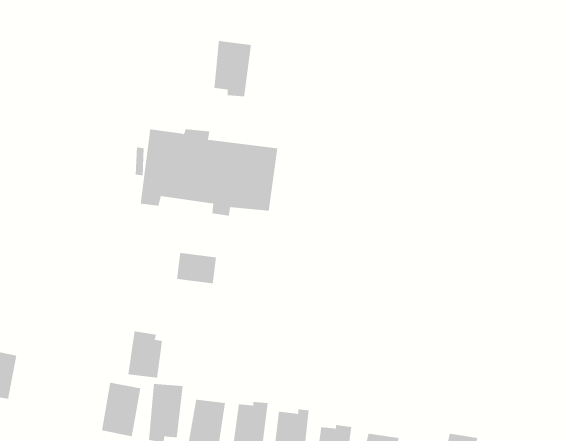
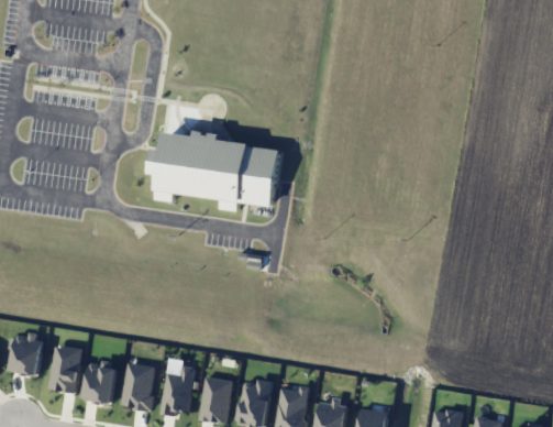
building: [214,40,252,97] -> none
building: [177,252,216,284] -> none
building: [128,331,163,378] -> [84,360,115,403]
building: none -> [48,344,82,393]

